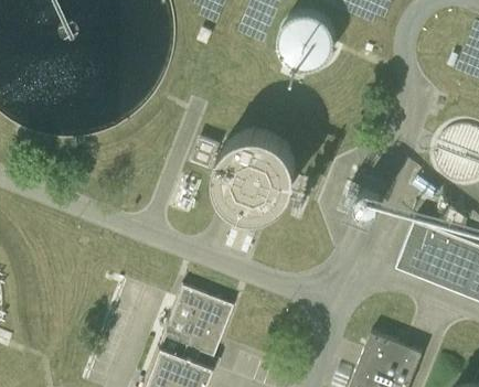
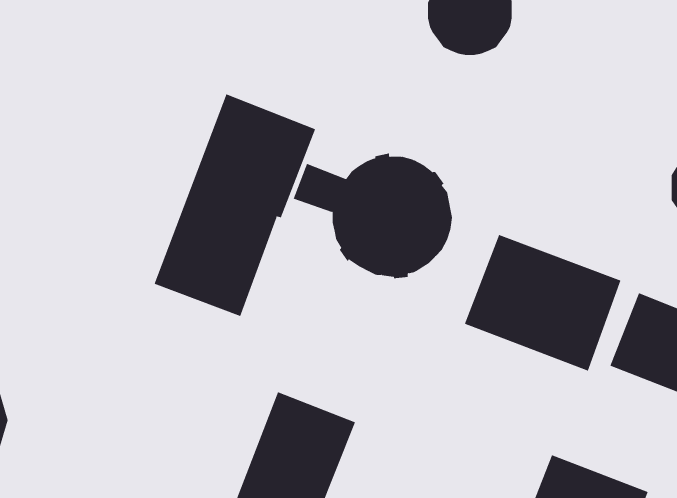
building: none -> [154,94,316,317]
building: none -> [464,234,621,372]

